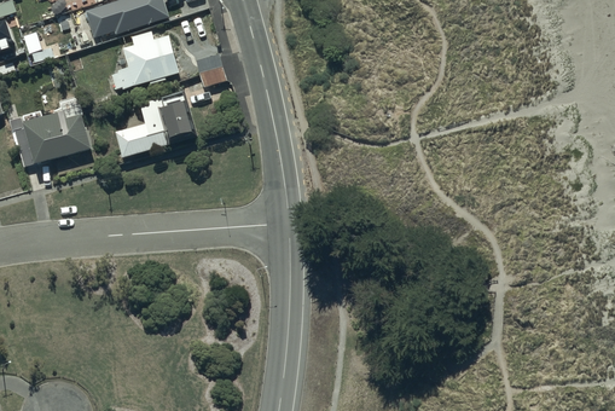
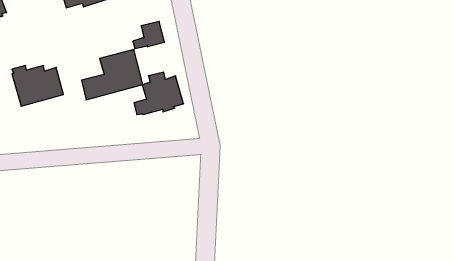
building: [109,31,175,88] -> [134,72,184,115]

